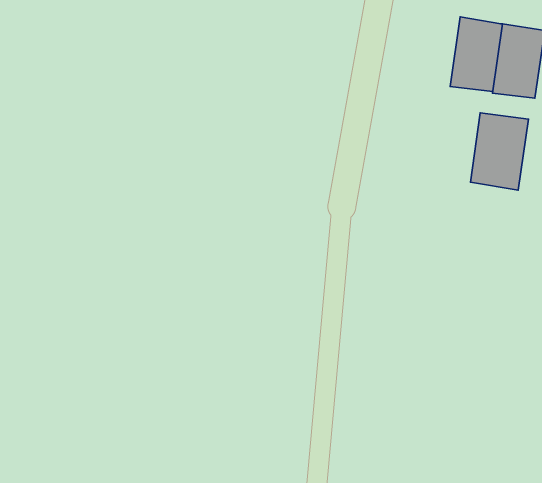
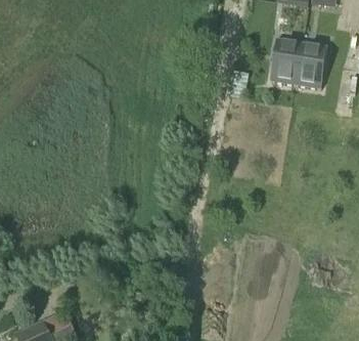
building: [470,113,528,190] -> none

